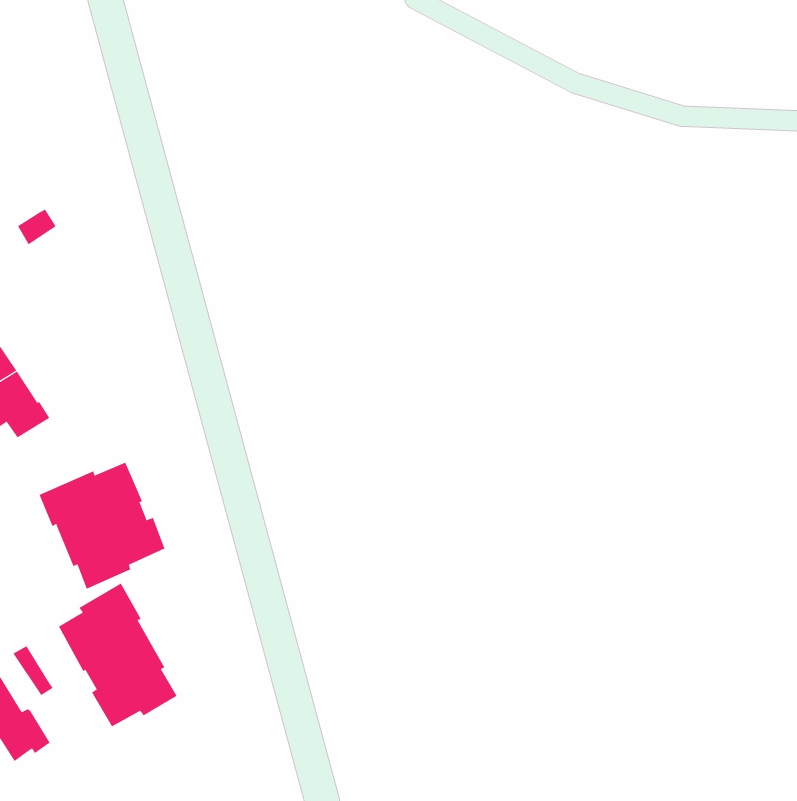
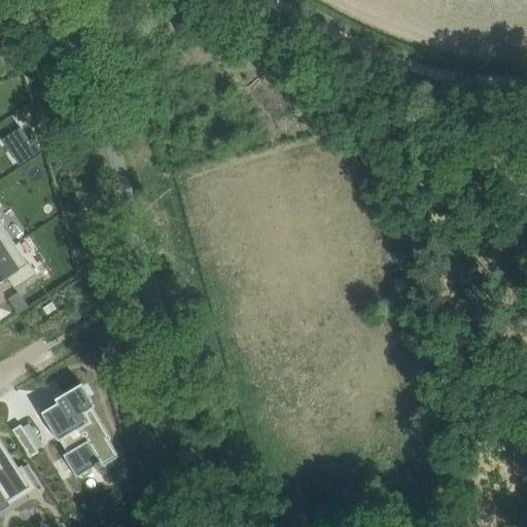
building: [39,462,165,589] -> none

